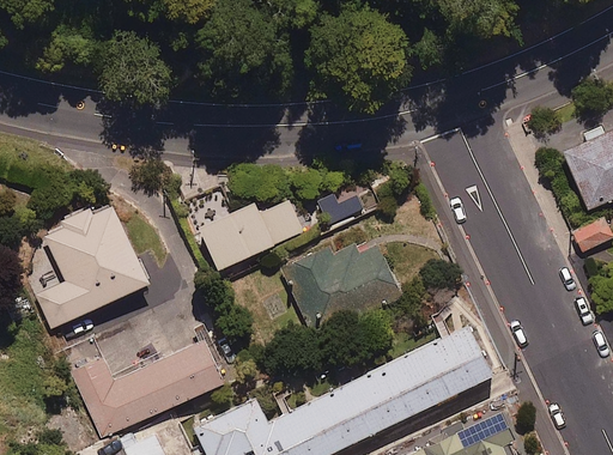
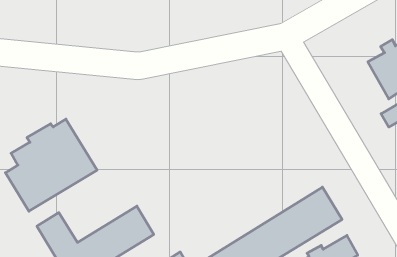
building: [199,196,302,267] -> none
building: [279,241,405,338] -> none

